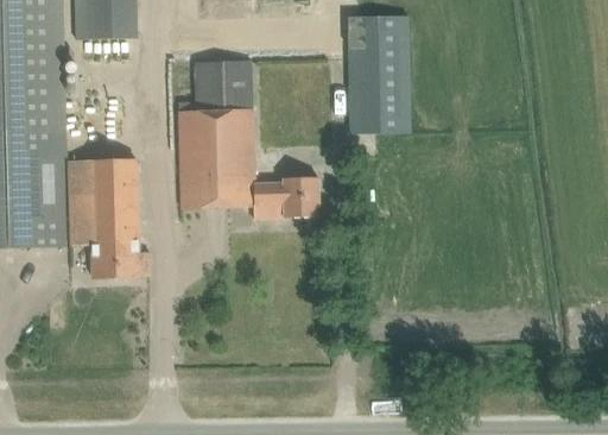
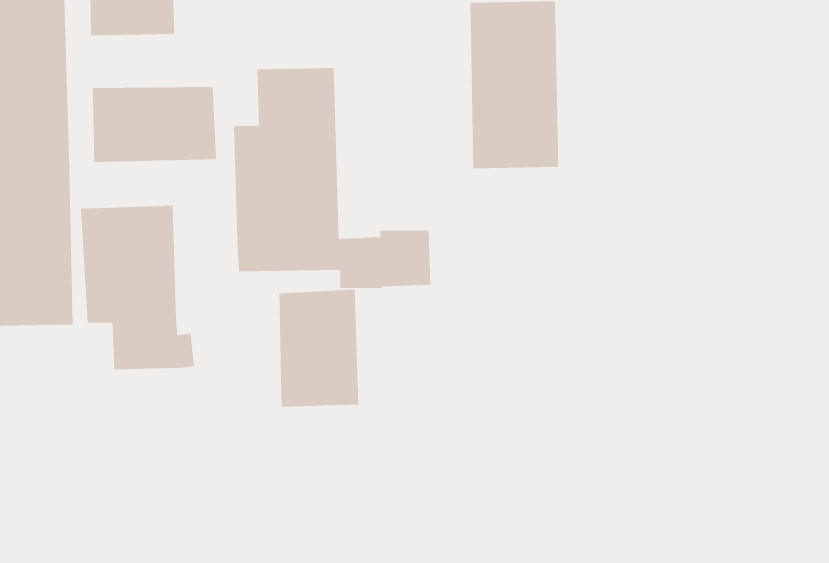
building: none -> [92,86,217,163]
building: none -> [279,289,359,407]

